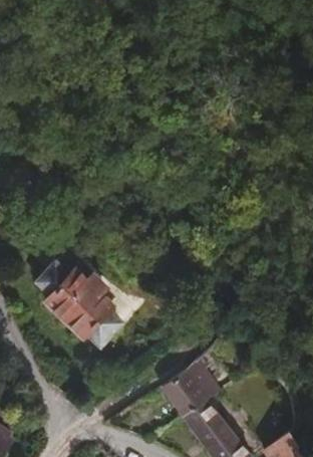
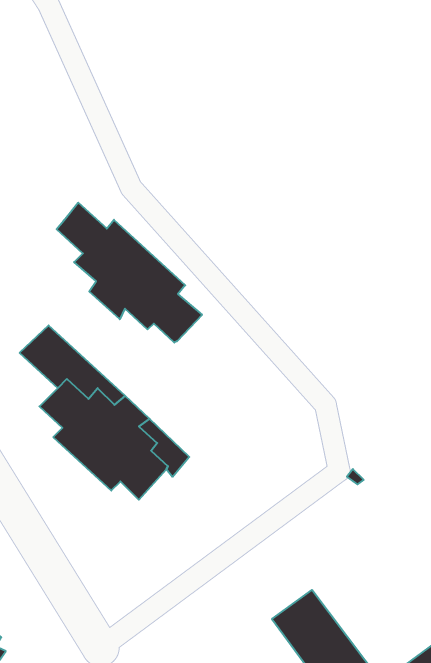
building: none -> [57,203,202,343]
building: [163,363,223,420] -> none

